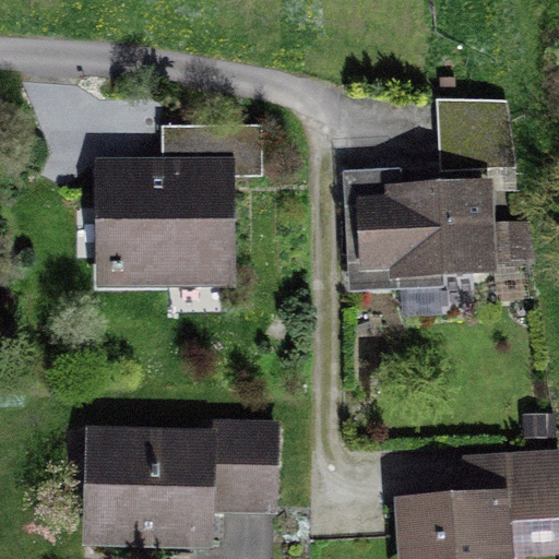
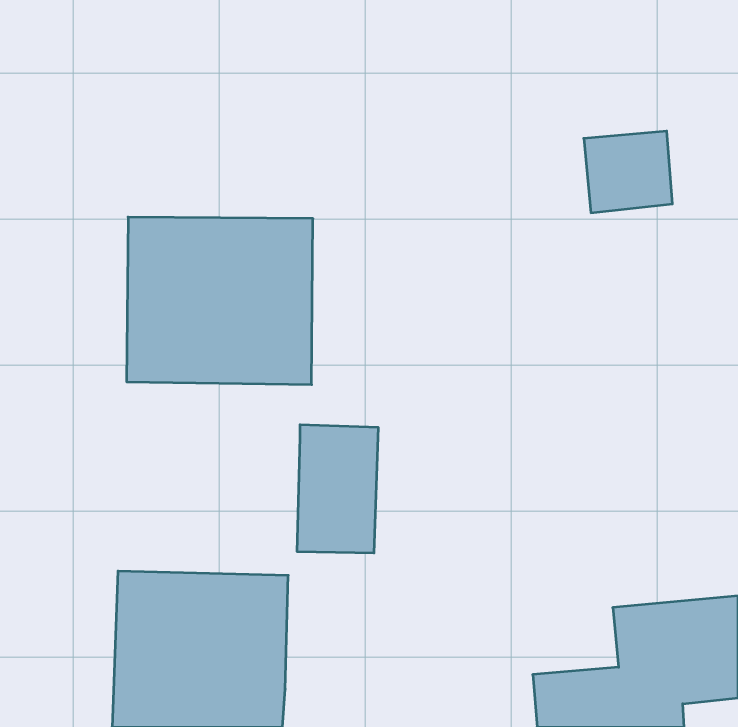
building: [365,182,499,278] -> none
building: [214,421,275,518] -> [297,425,378,553]

